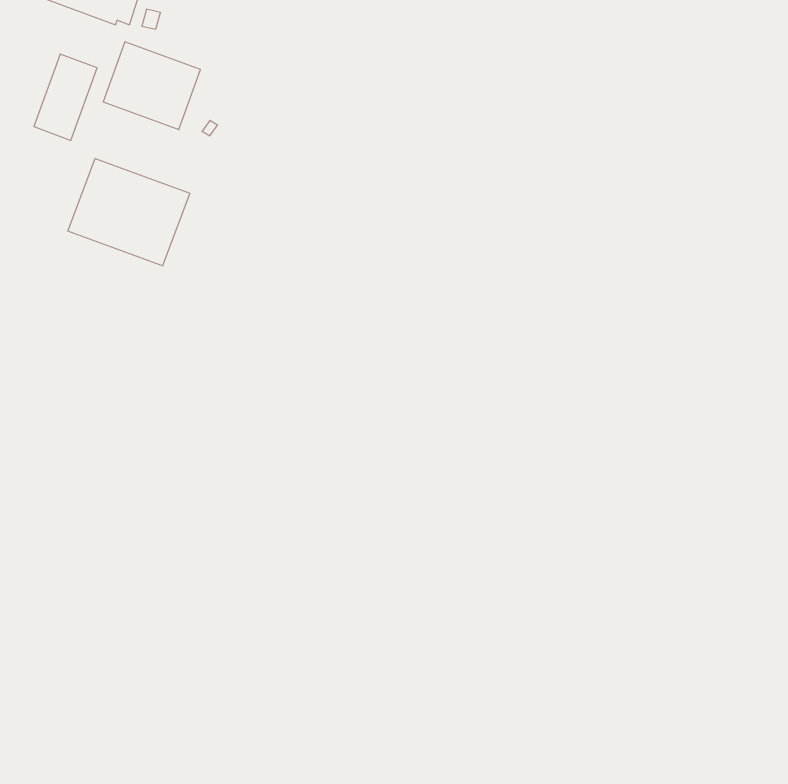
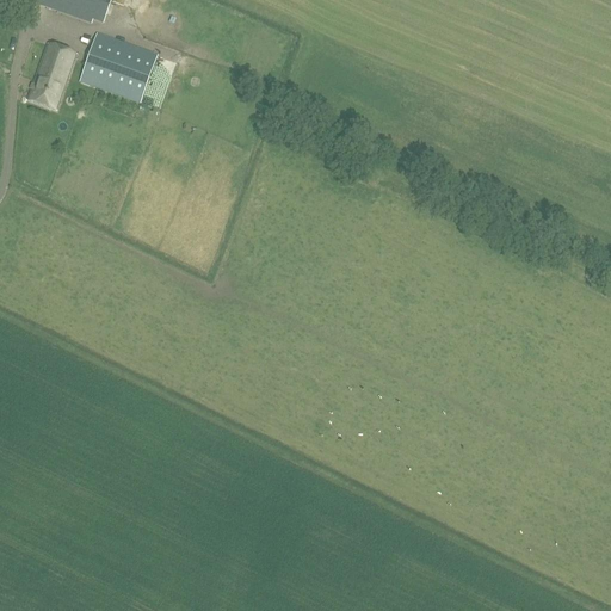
building: [68,158,190,266] -> none

